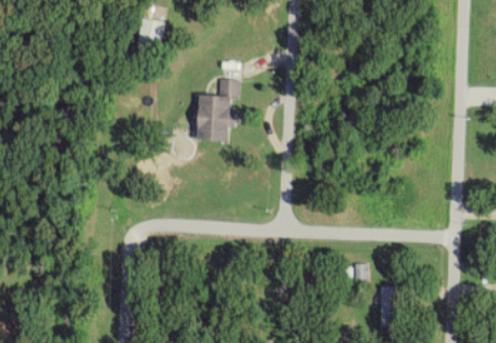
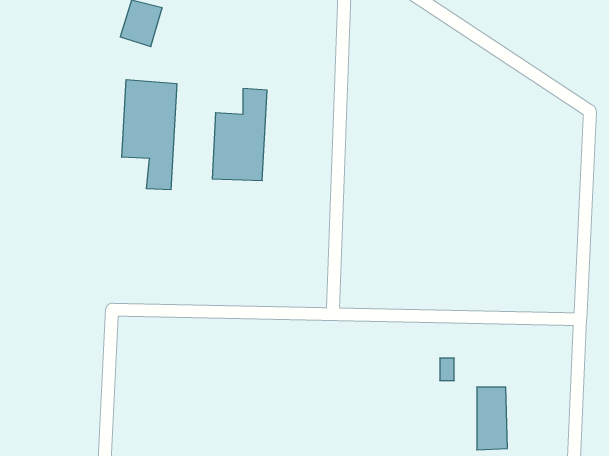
building: none -> [122,80,177,190]

